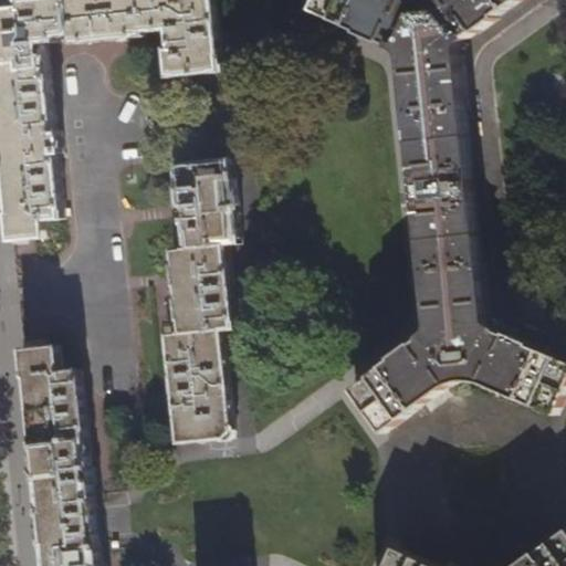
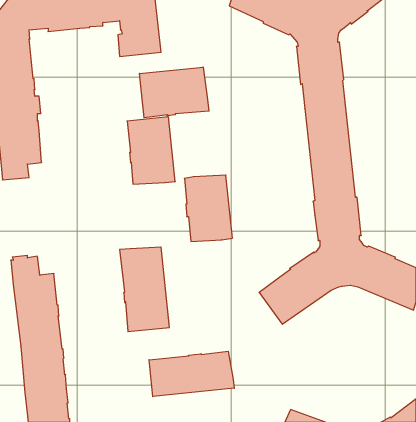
building: none -> [140,67,209,118]
building: [165,243,229,332] -> [184,175,232,241]
building: none -> [149,351,234,397]

